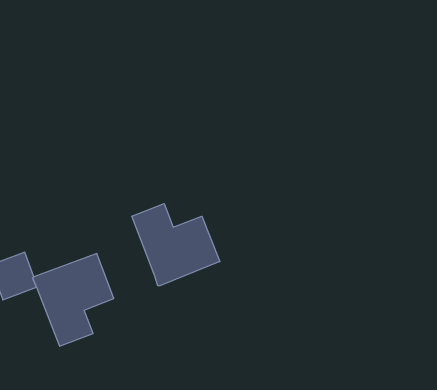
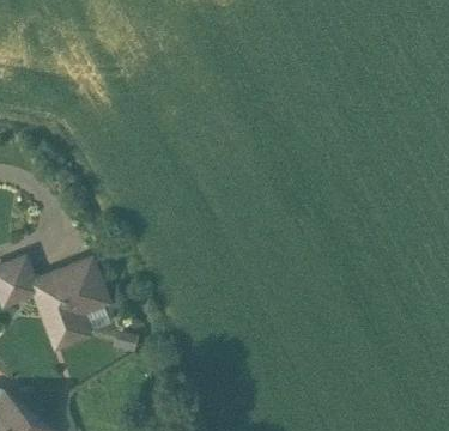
building: [132,204,220,286] -> none

